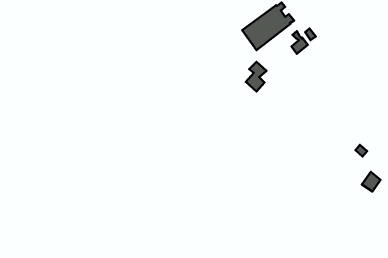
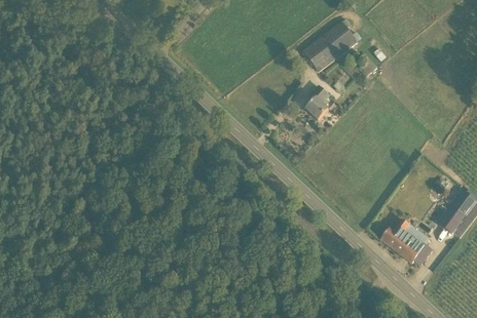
building: none -> [378,222,431,266]

